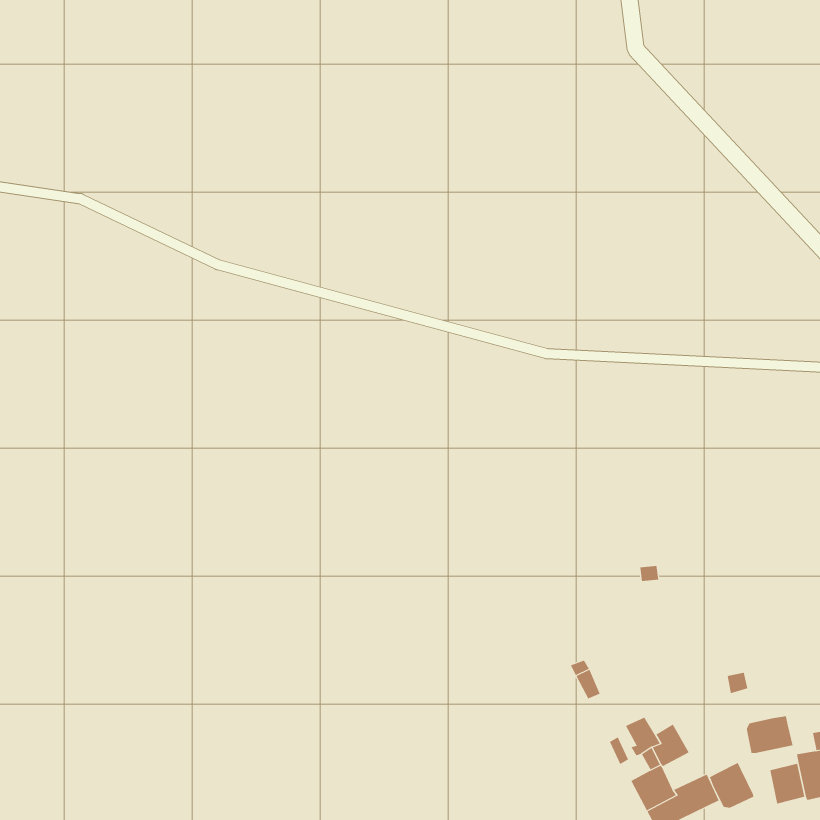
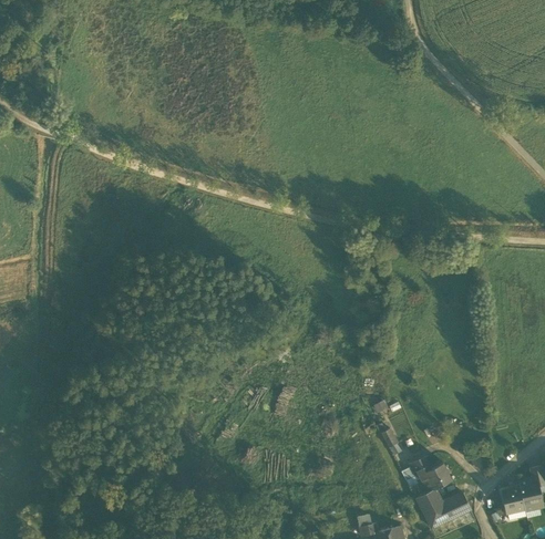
building: [746,715,793,754] -> none
building: [709,762,754,809] -> none

